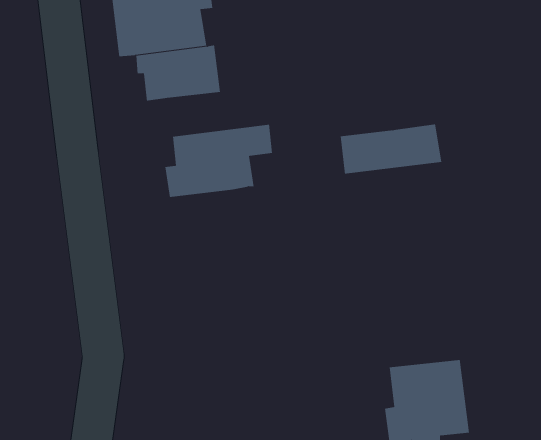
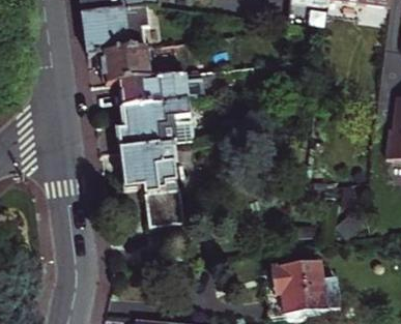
building: [340,124,442,174] -> [119,73,189,108]
building: none -> [120,144,184,229]

